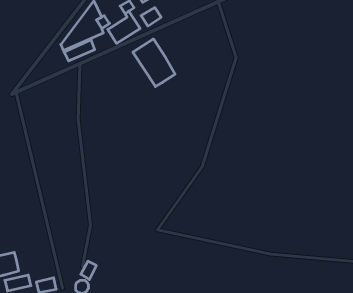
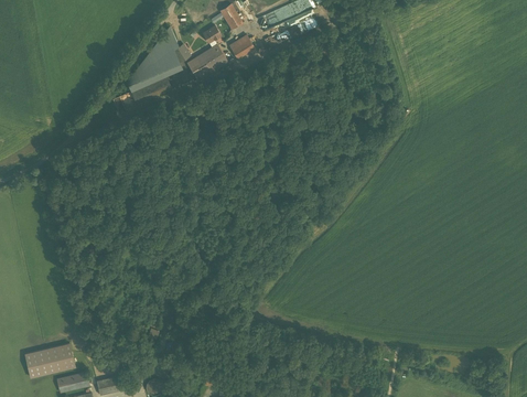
building: [133,39,175,87] -> none

